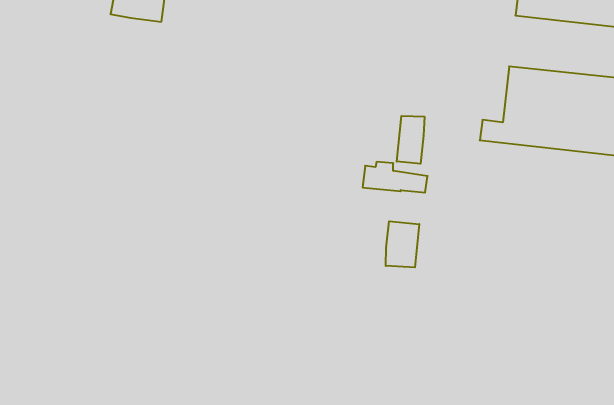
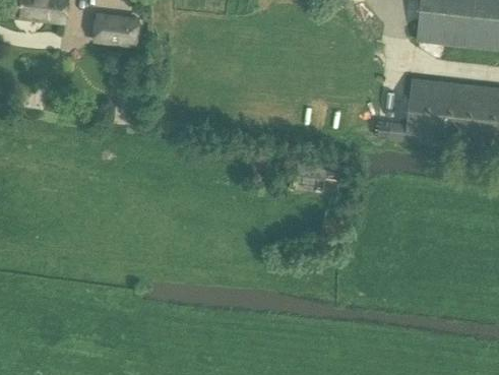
building: [397,116,424,164] -> none
building: [386,221,419,267] -> none

